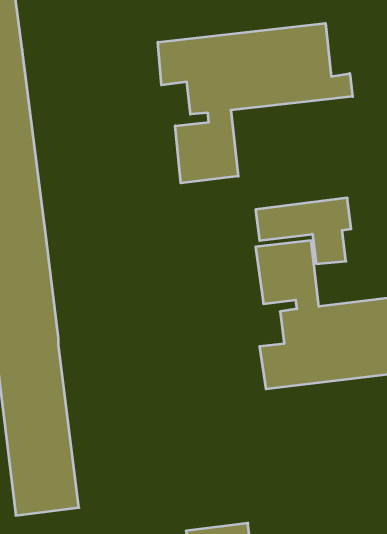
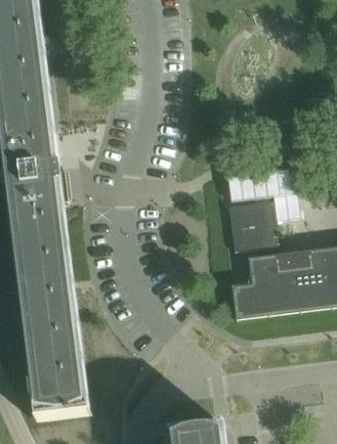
building: [158,23,353,183] -> none

